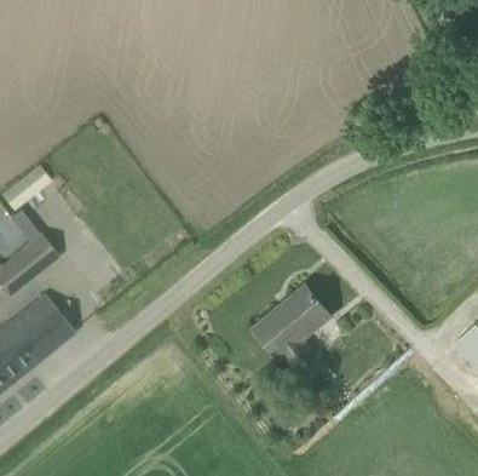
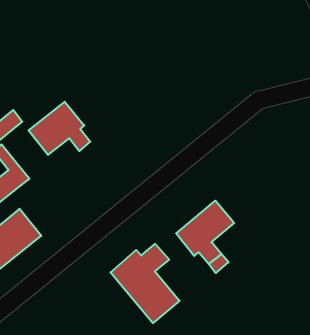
building: none -> [29,102,90,155]
building: none -> [110,244,180,323]

